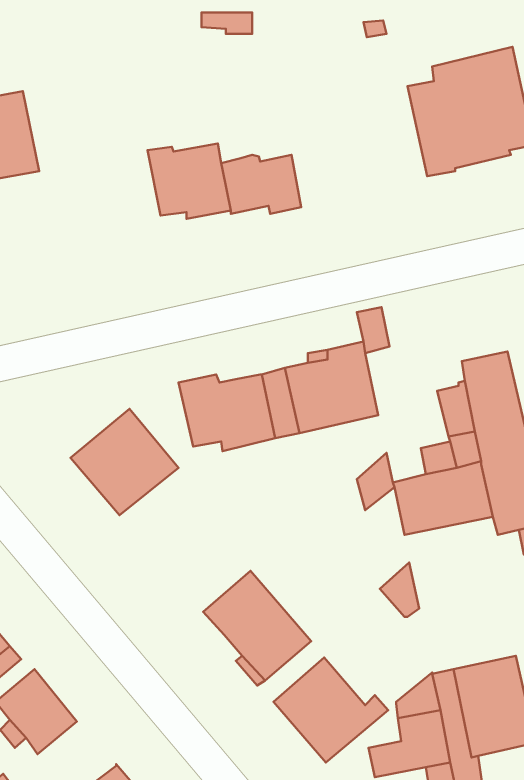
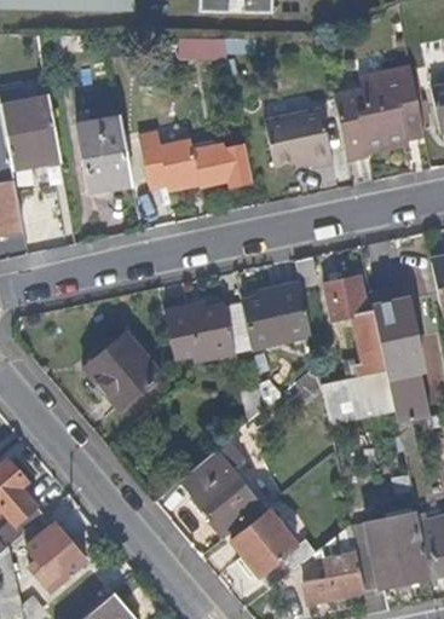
building: none -> [266,106,333,164]
building: none -> [77,118,132,192]
building: none -> [324,276,369,320]

